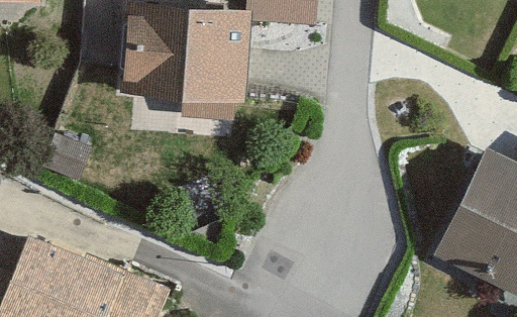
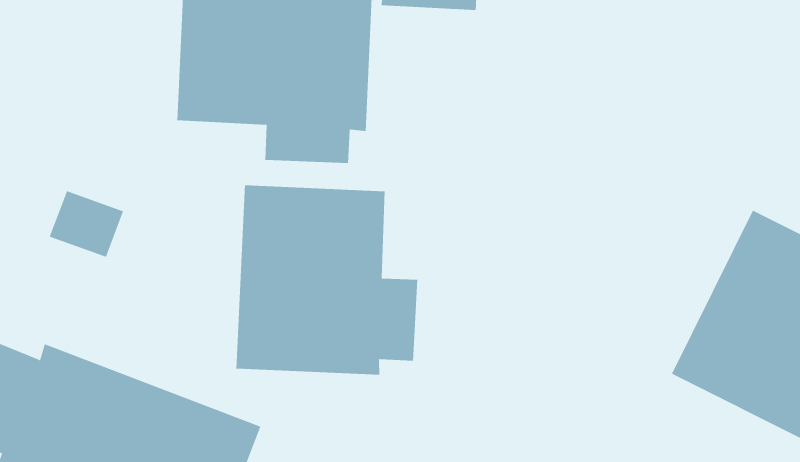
building: none -> [236,185,418,376]

